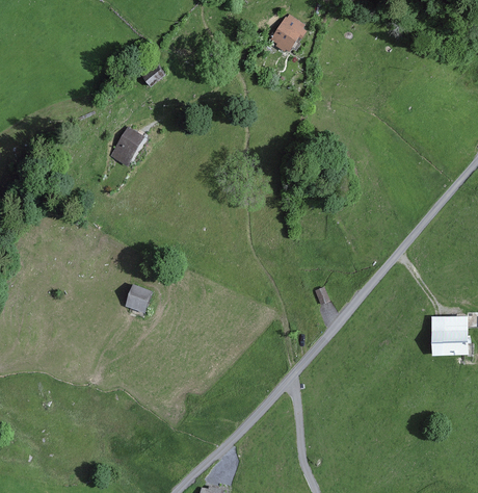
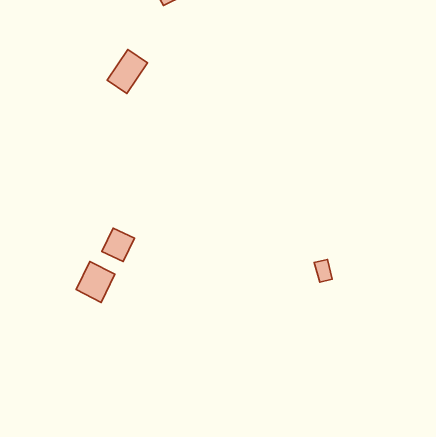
building: none -> [76,262,115,302]

